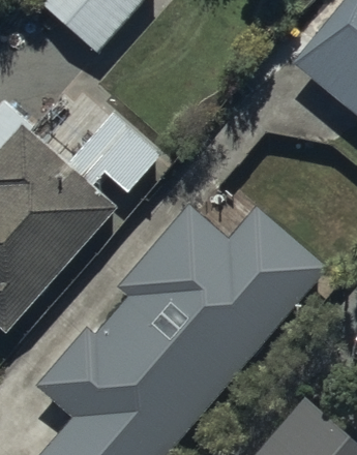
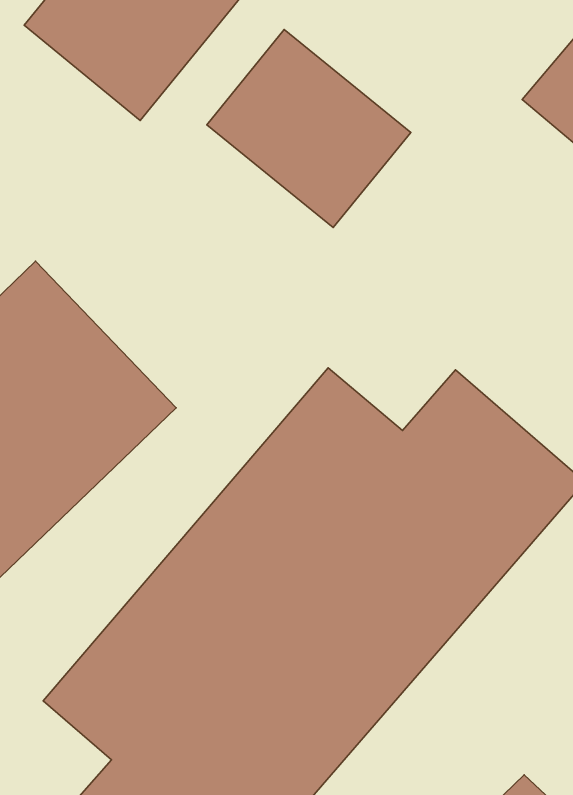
building: none -> [207,30,411,228]

